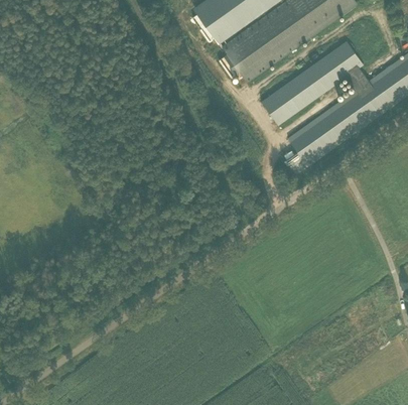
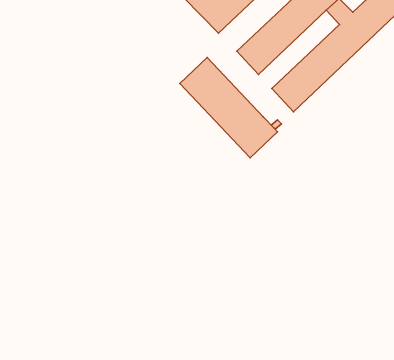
building: none -> [180,57,277,158]

